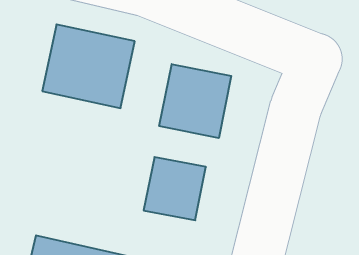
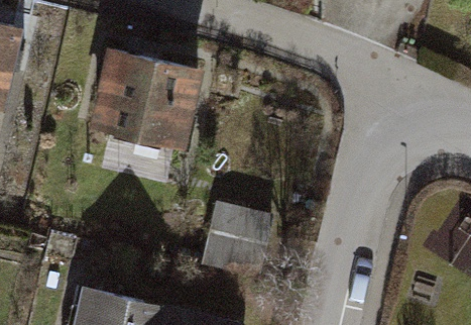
building: [159,64,231,138] -> none

